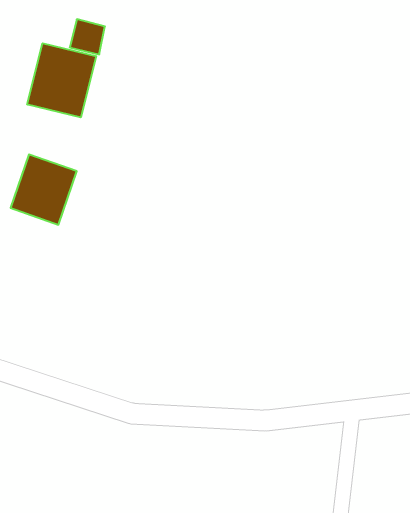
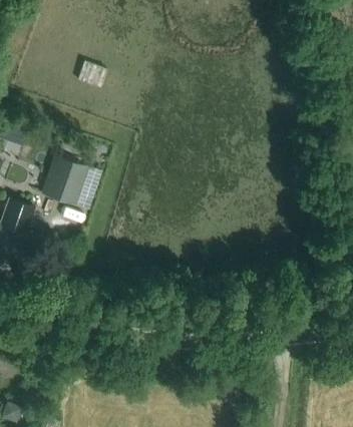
building: [27,43,96,117] -> none

